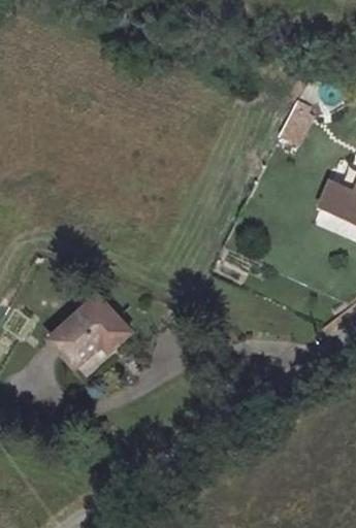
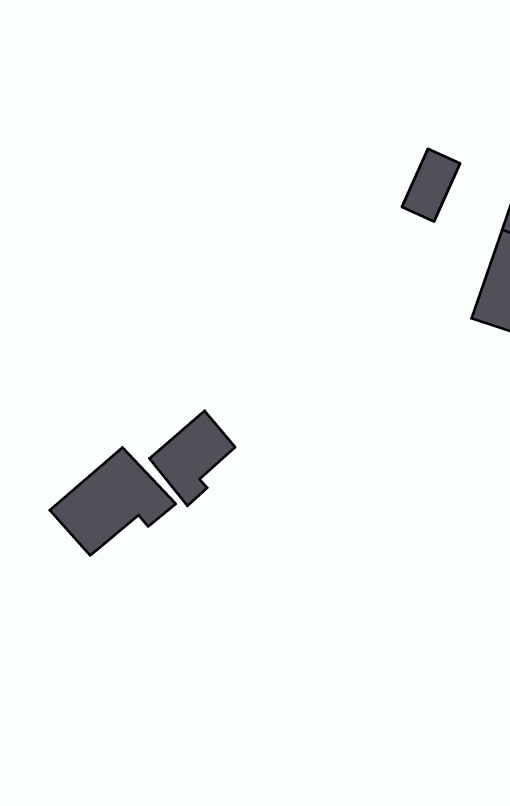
building: none -> [149,411,235,506]

